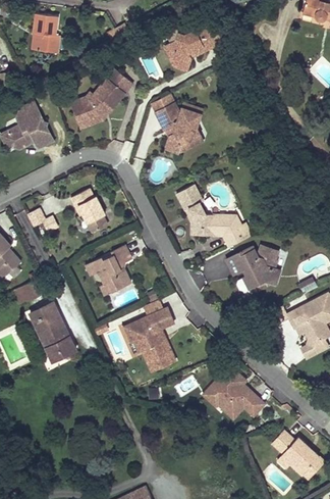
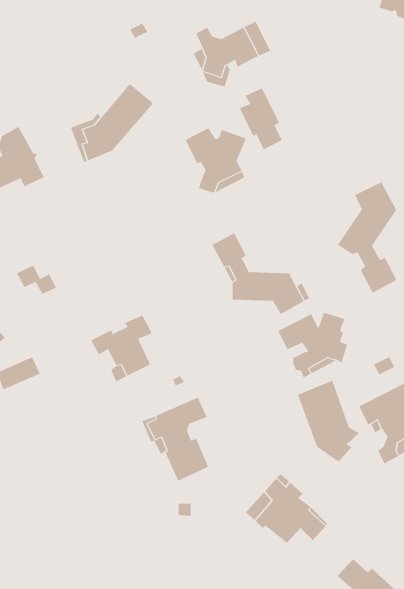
building: [34,13,59,52] -> none
building: none -> [239,88,283,150]
building: none -> [337,181,397,293]
building: [71,187,109,232] -> none
building: none -> [297,380,360,463]
building: [30,301,76,361] -> none

